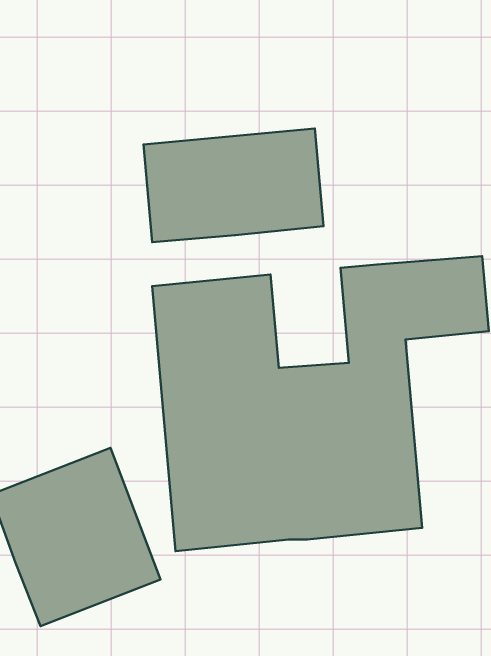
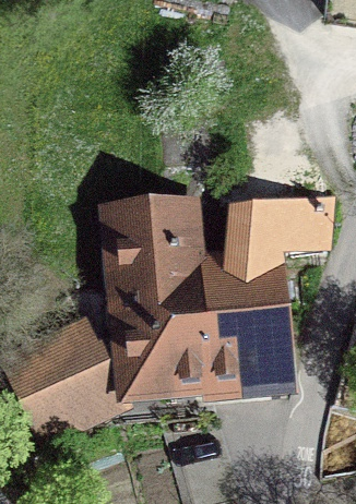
building: [144,129,324,242] -> none

